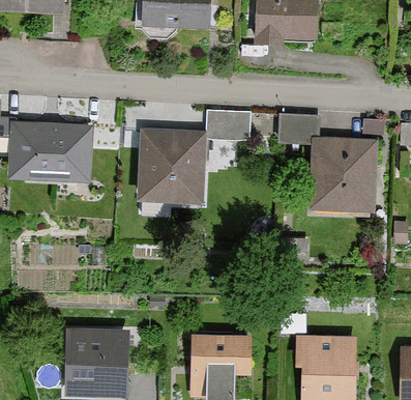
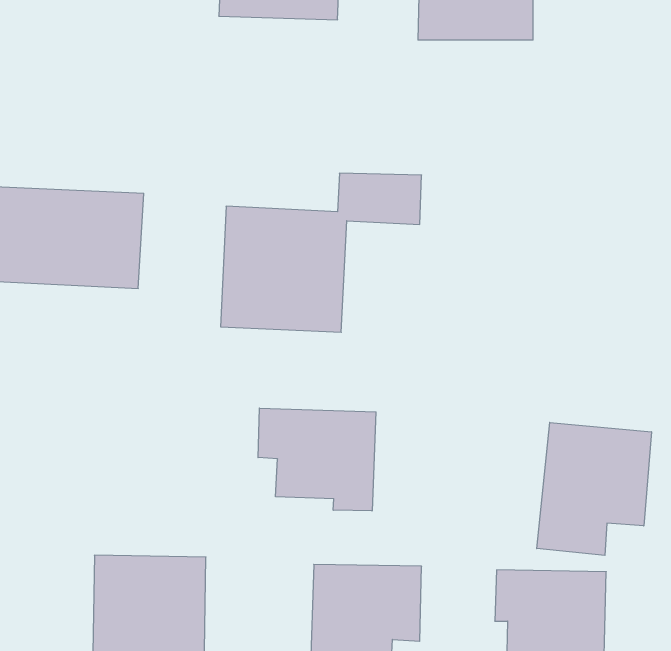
building: [276,114,379,209] -> none
building: none -> [258,408,376,511]
building: none -> [537,422,651,555]

